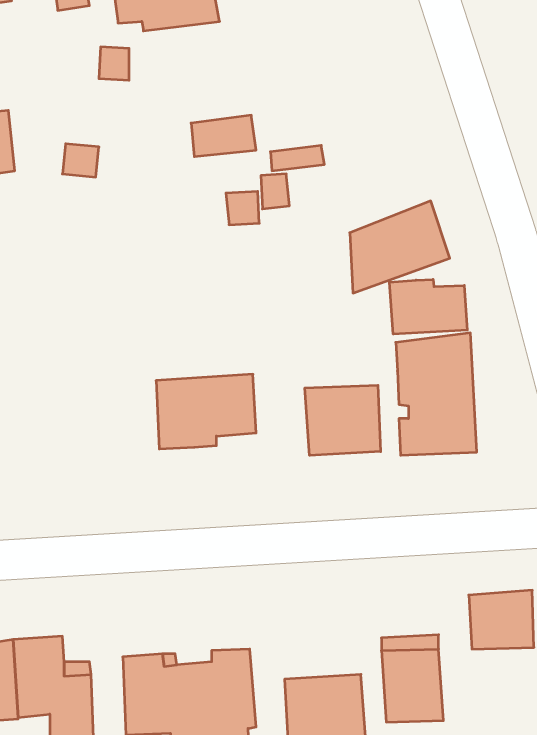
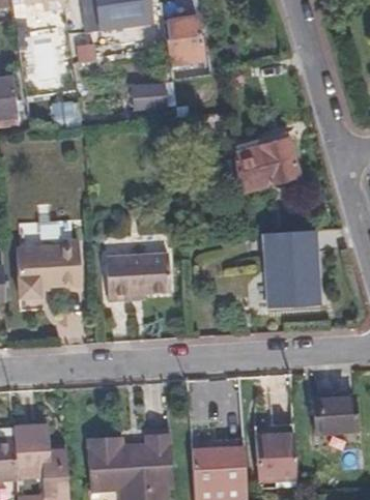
building: none -> [164,19,202,63]
building: [390,279,467,334] -> none
building: none -> [18,240,81,297]
building: [305,385,381,455] -> none

